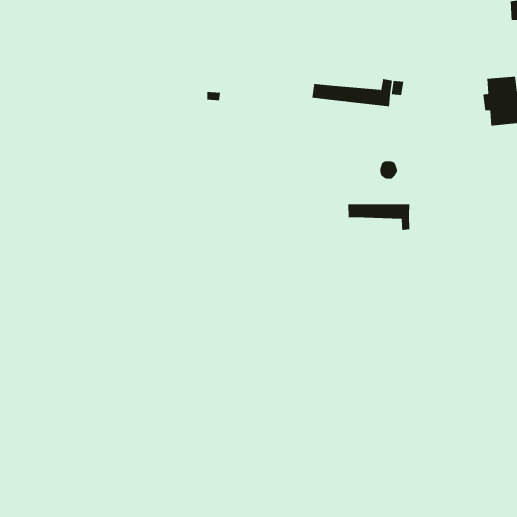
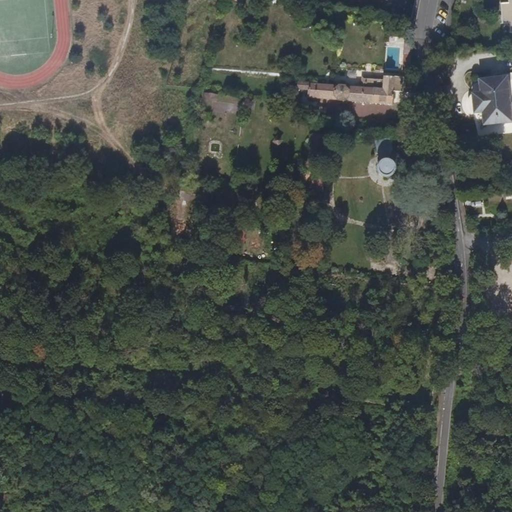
building: [348,204,410,231] -> none

